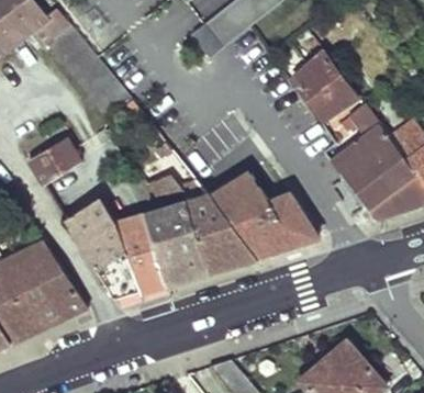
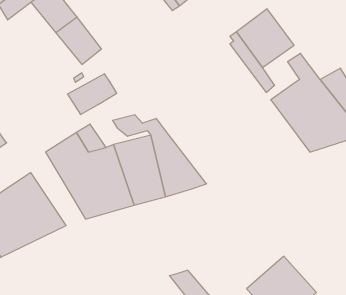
building: [25,136,83,184] -> [67,74,117,115]
building: [209,186,320,257] -> none

